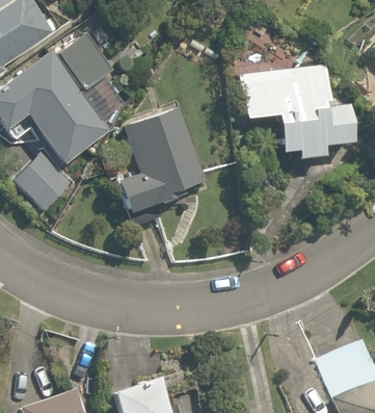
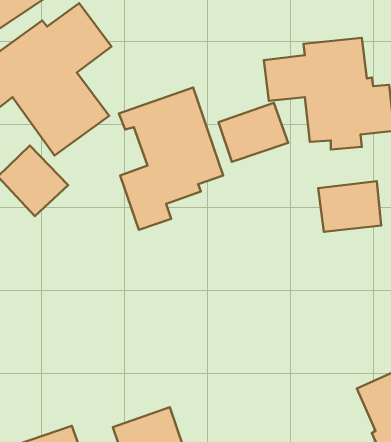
building: none -> [219,103,288,162]
building: none -> [318,181,381,232]

